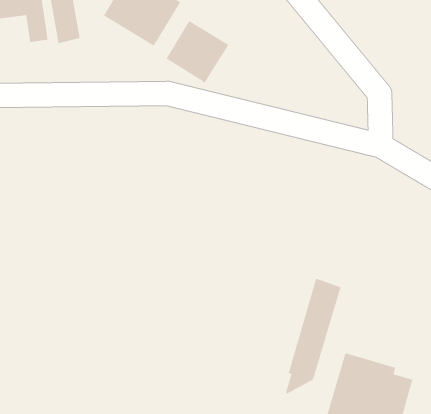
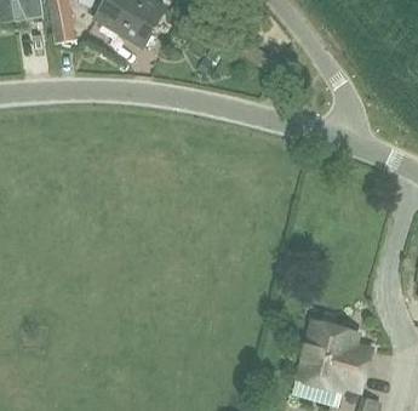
building: [166,20,229,84] -> none
building: [285,278,341,394] -> none

